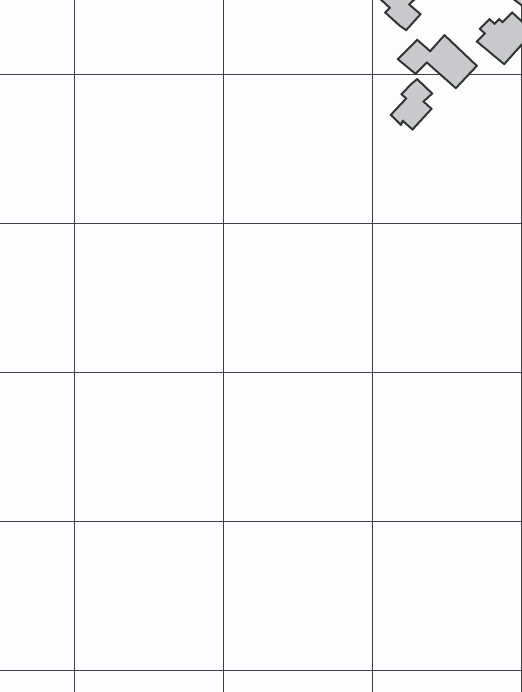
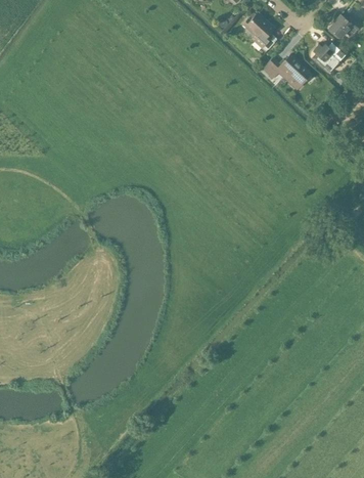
building: [391,79,432,129] -> none

